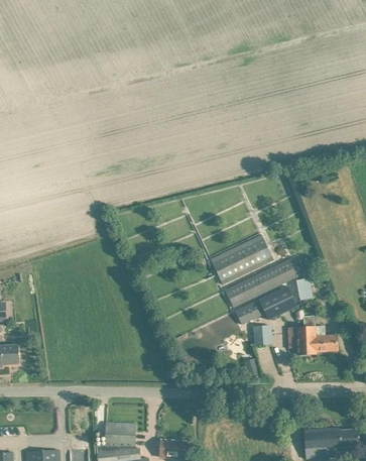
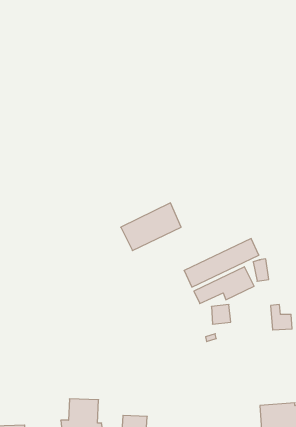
building: [210,234,272,283] -> [121,203,181,251]
building: [286,315,316,354] -> none

